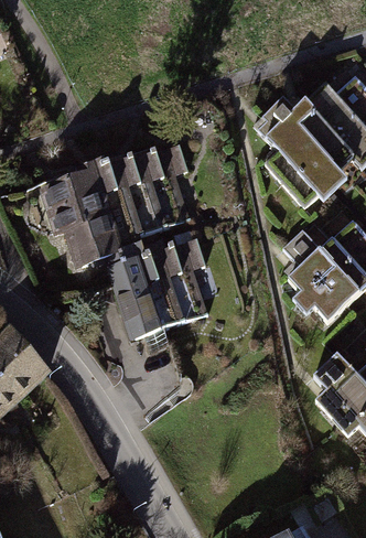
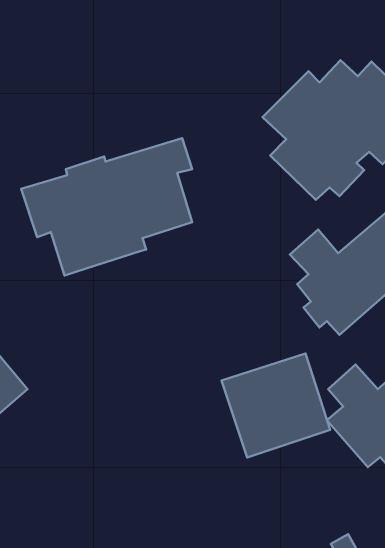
building: [107,241,212,354] -> none
building: none -> [221,353,330,458]

